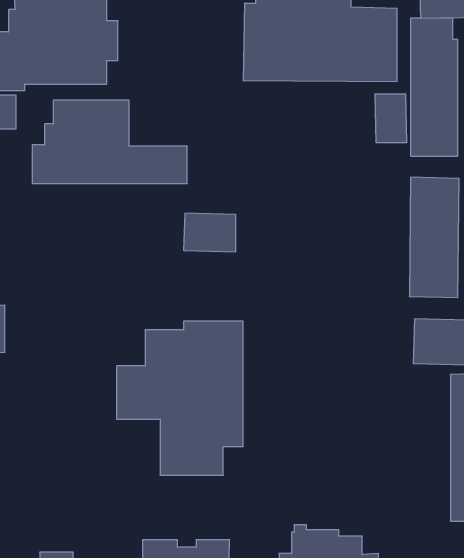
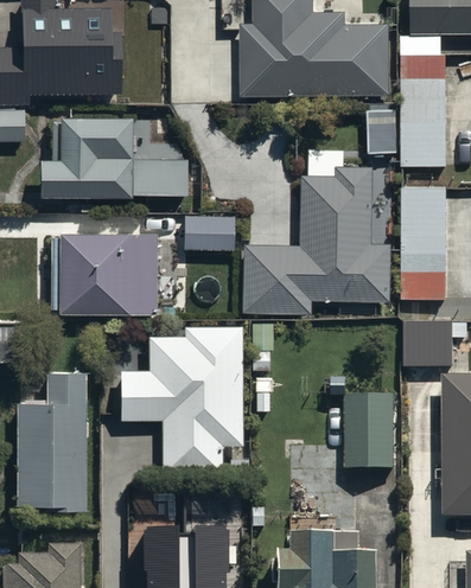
building: none -> [241,165,390,313]
building: none -> [49,231,158,313]
building: none -> [15,368,87,507]
building: none -> [331,377,396,473]

